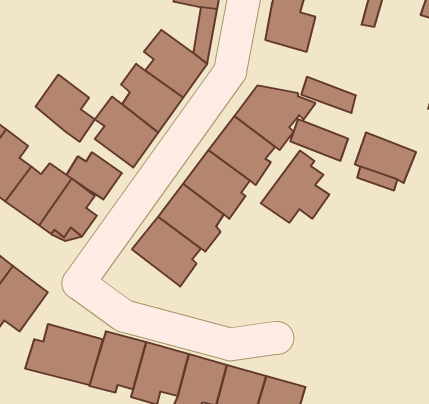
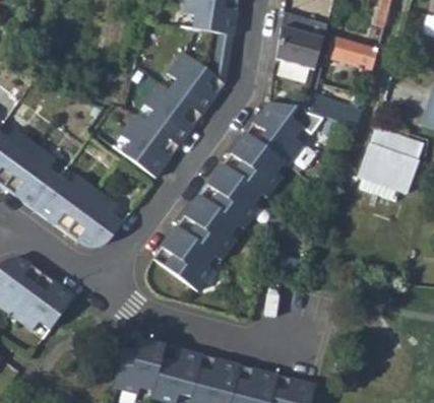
building: none -> [330,39,378,70]
building: [36,75,95,142] -> none
building: [290,119,348,161] -> [370,127,424,165]
building: [261,151,329,223] -> none
building: [66,152,122,200] -> none
building: [25,324,103,385] -> none

